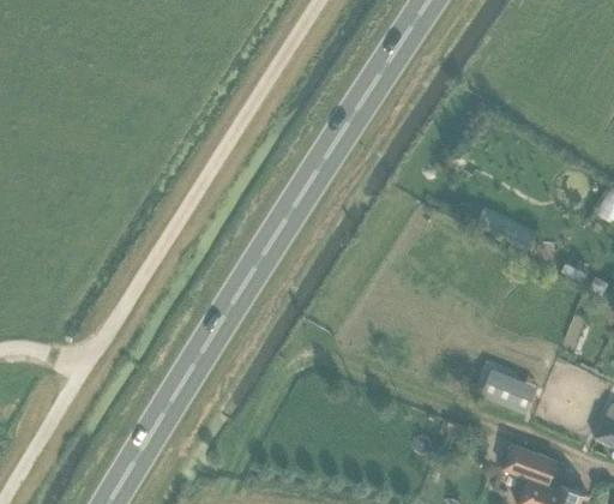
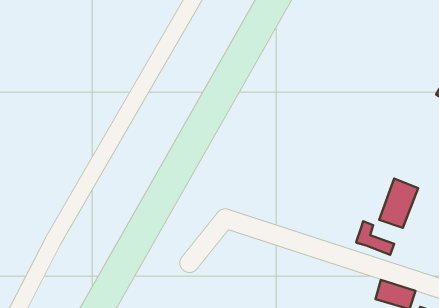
building: none -> [379,179,418,228]

